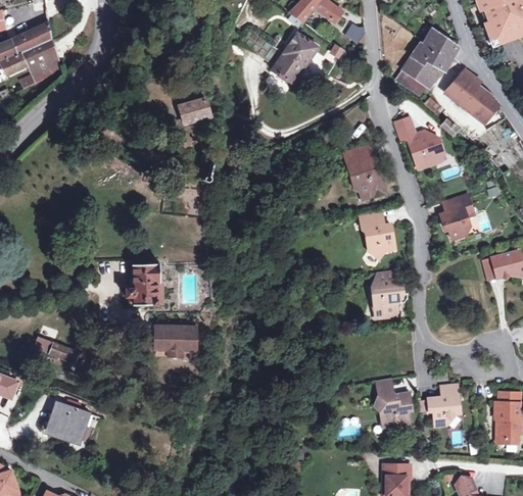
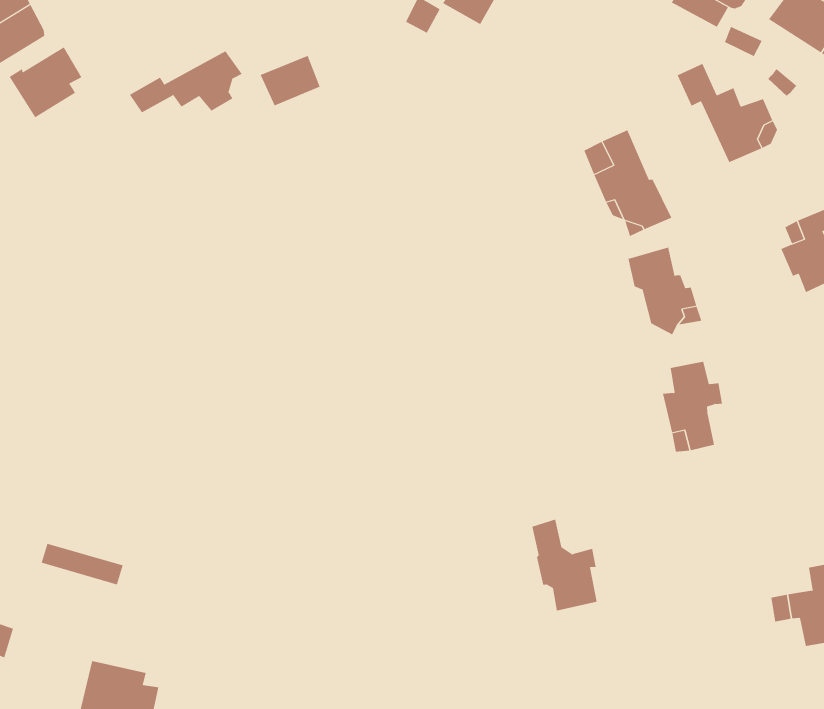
building: none -> [9,47,82,118]
building: none -> [129,51,242,113]
building: [126,264,159,306] -> none
building: [152,323,195,354] -> none
building: [378,379,411,428] -> [532,519,598,611]

